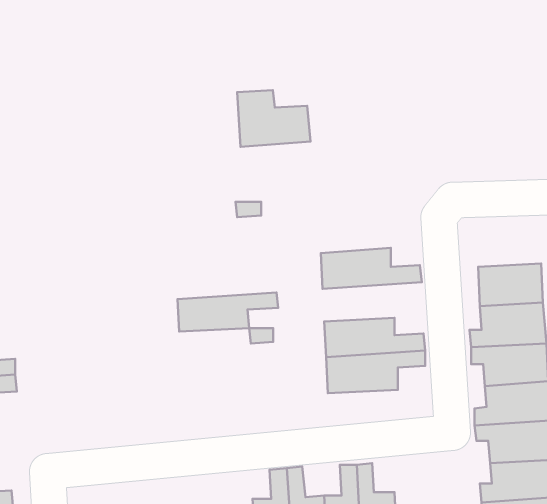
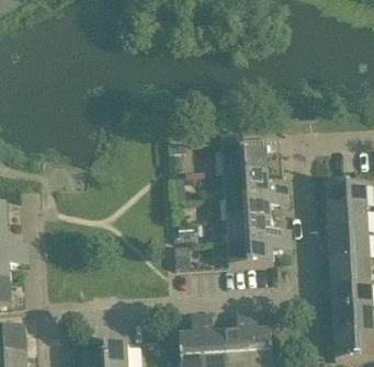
building: [237,90,311,147] -> [222,138,269,174]
building: [177,292,278,332] -> [225,193,290,218]

